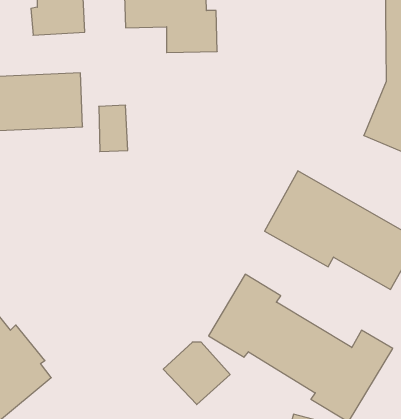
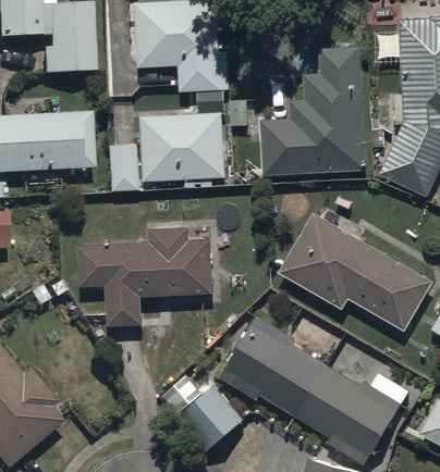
building: none -> [260,48,365,176]
building: none -> [139,112,227,182]
building: none -> [77,228,213,326]

